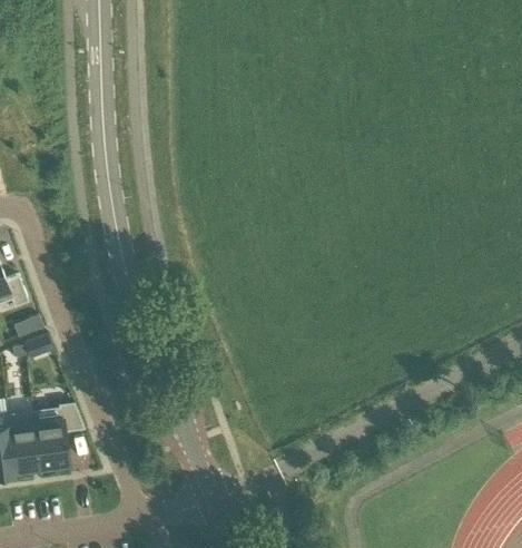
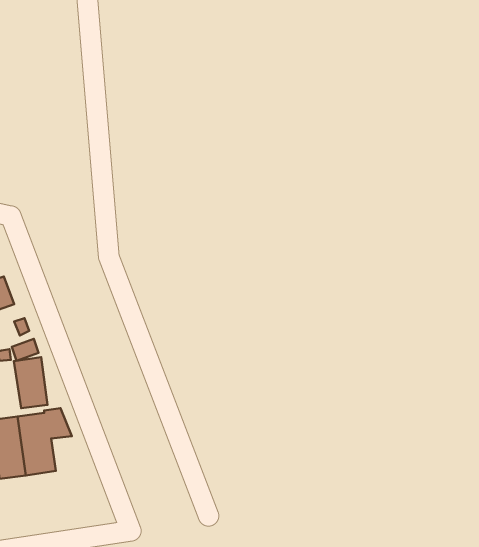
building: none -> [14,357,48,408]

